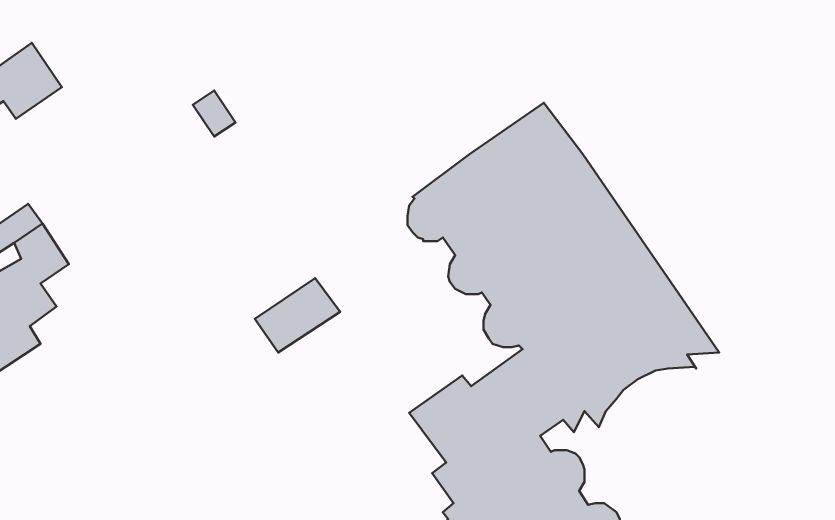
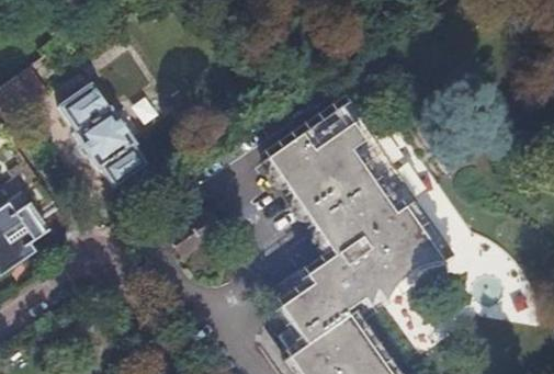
building: none -> [59,80,146,183]

